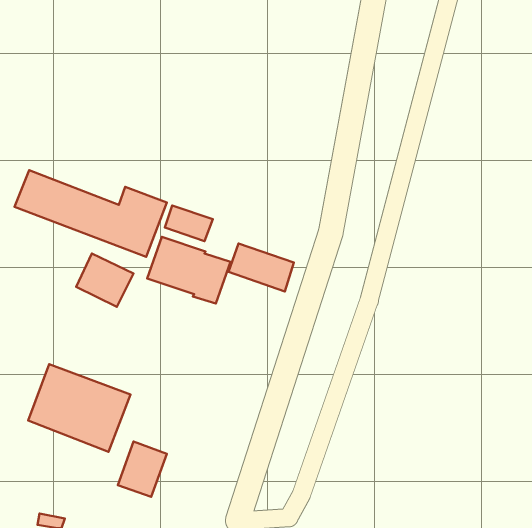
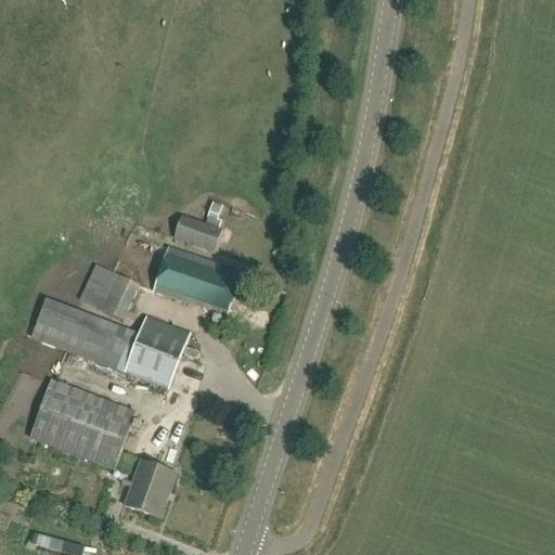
building: [15,170,167,257] -> [30,298,189,388]
building: [228,244,294,292] -> none

